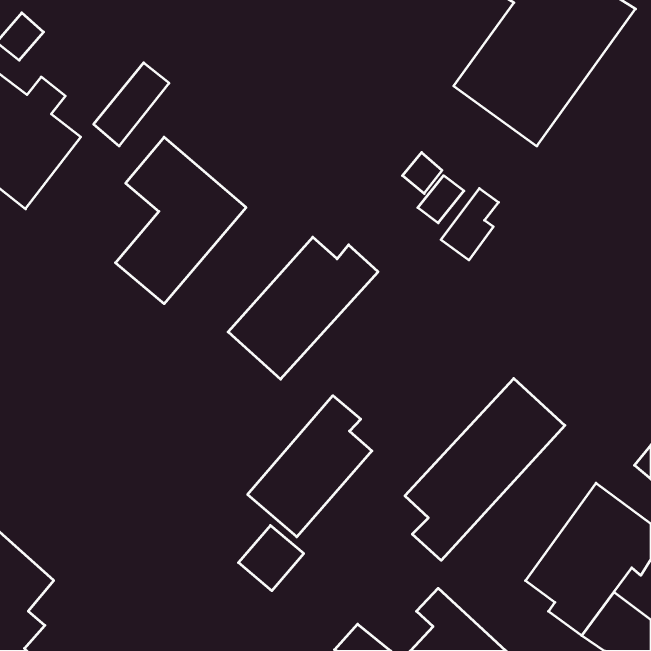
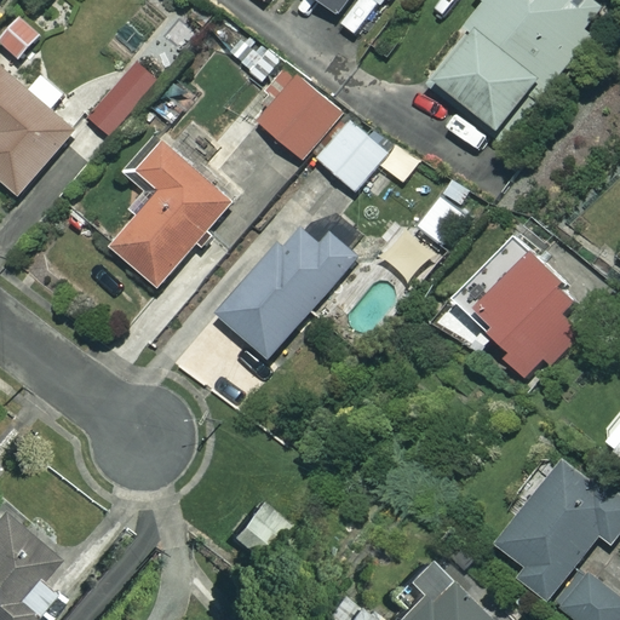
building: none -> [256,75,339,159]
building: none -> [317,121,386,190]
building: none -> [475,256,585,378]
building: [405,378,565,560] -> none
building: [248,396,372,537] -> none

